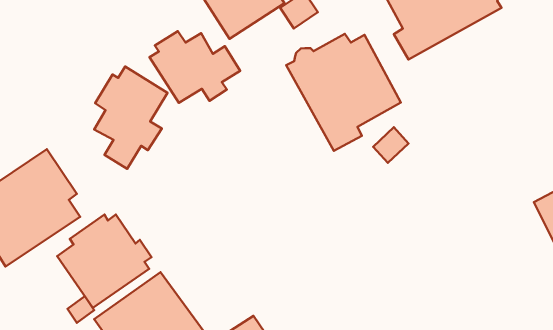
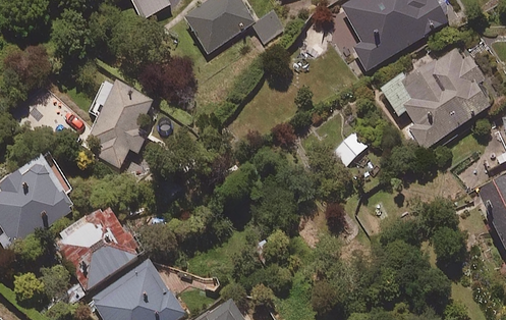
building: [150,31,240,103] -> none
building: [286,34,401,151] -> none
building: none -> [382,48,489,149]

